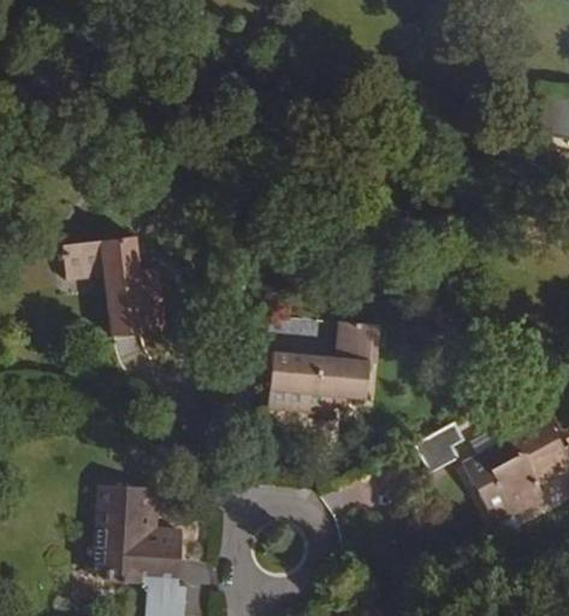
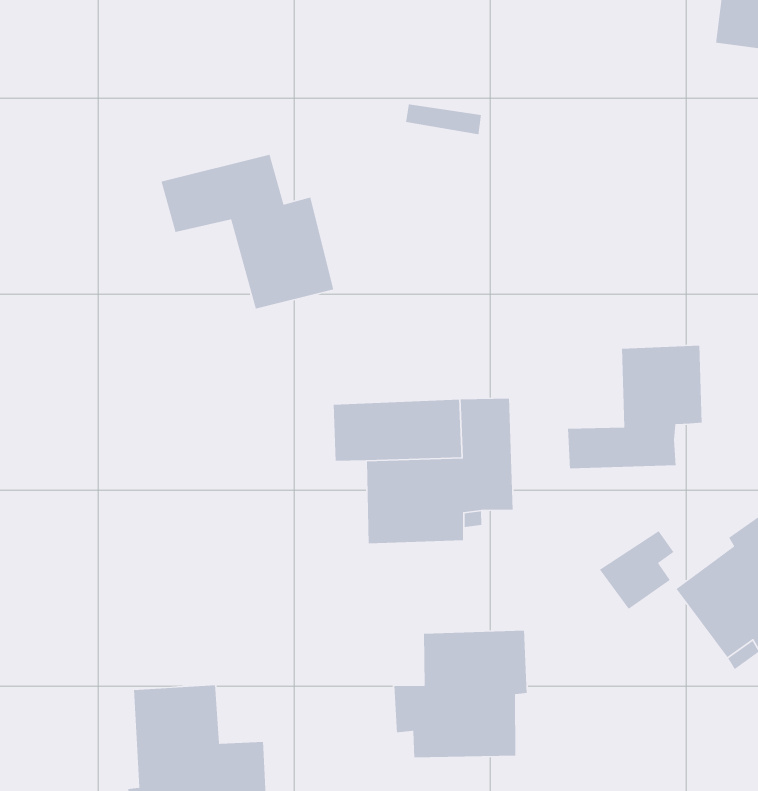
building: [64,237,167,337] -> [161,154,334,309]
building: none -> [567,345,703,469]
building: none -> [394,630,527,758]

